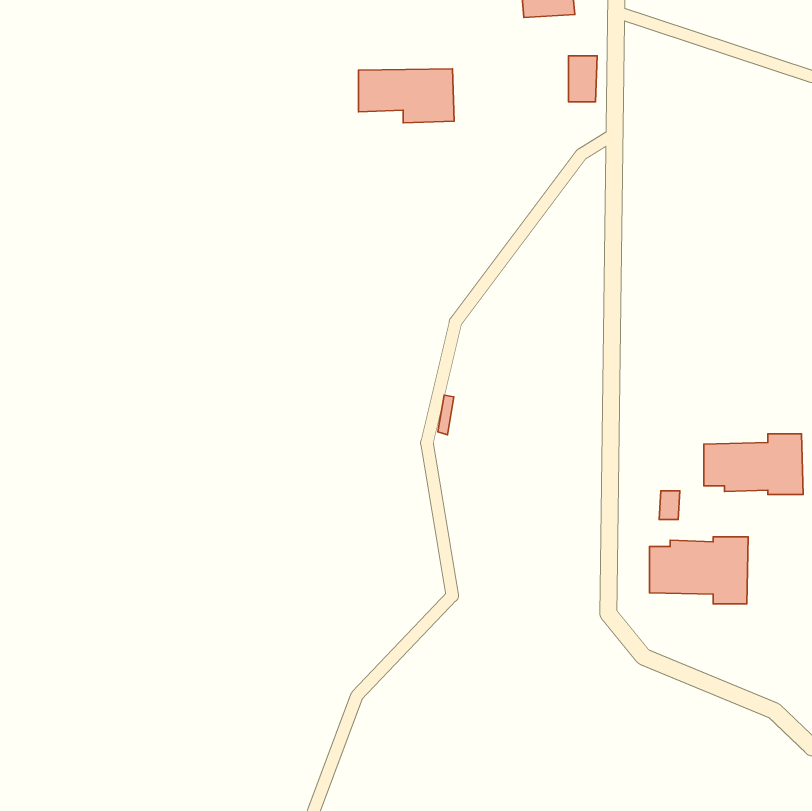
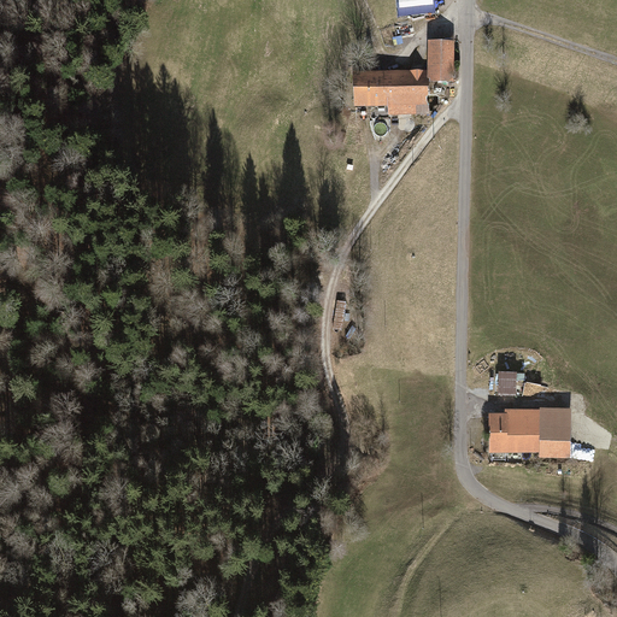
building: [359,69,454,123] -> [354,71,427,112]
building: [704,434,803,494] -> none

